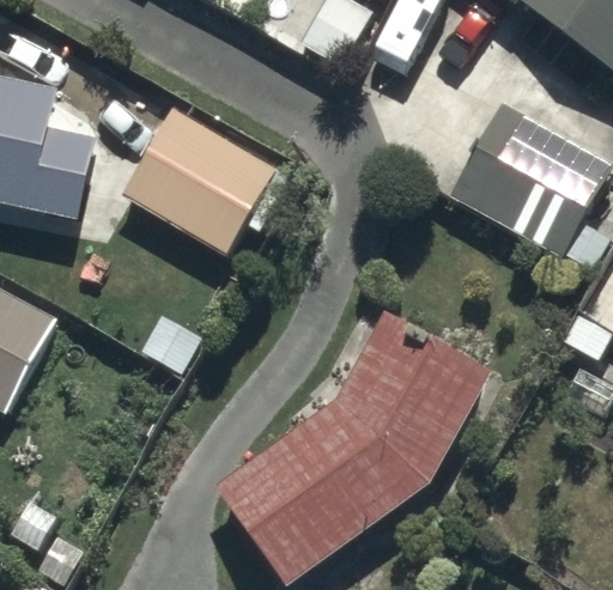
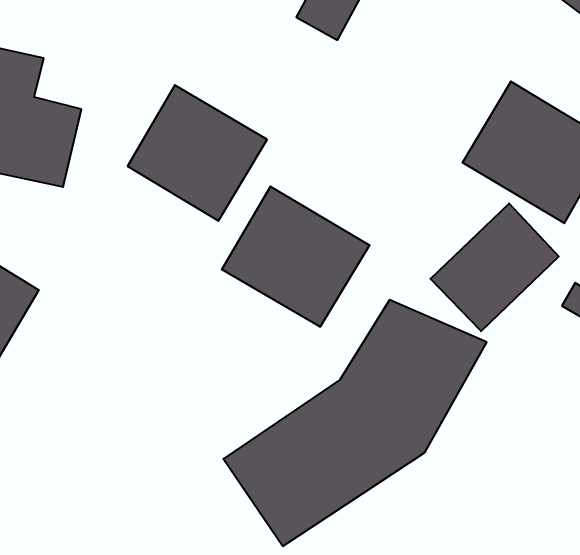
building: none -> [222,186,370,327]
building: none -> [430,203,559,331]

